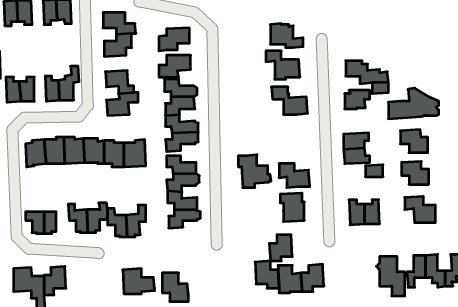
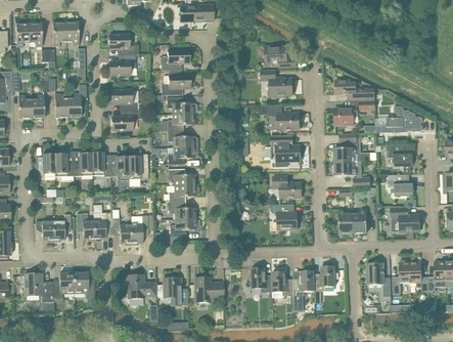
building: [238,155,271,188] -> [272,134,303,165]
building: [269,235,292,261] -> [314,265,335,290]
building: none -> [73,271,94,298]
building: none -> [195,276,223,301]

